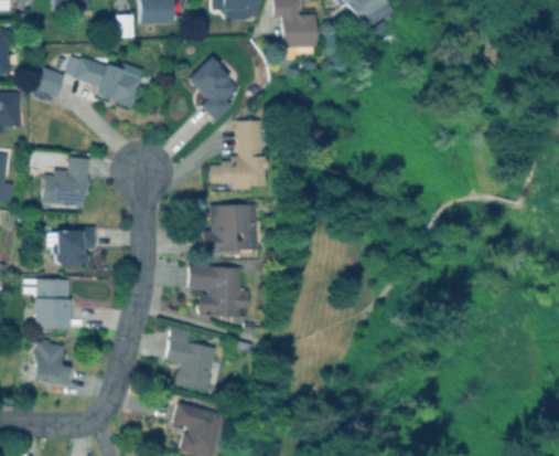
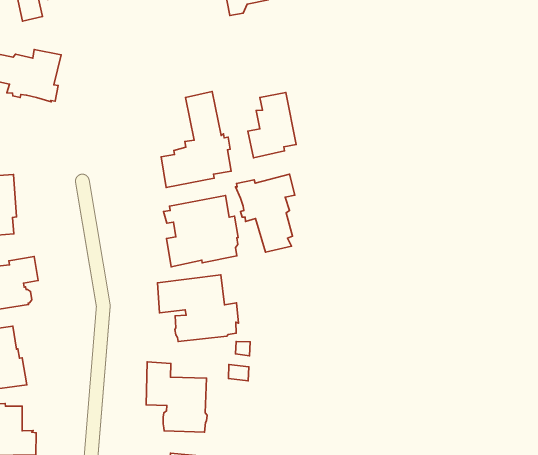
building: [189,55,238,120] -> none
building: none -> [248,93,296,158]
building: none -> [236,174,295,252]

